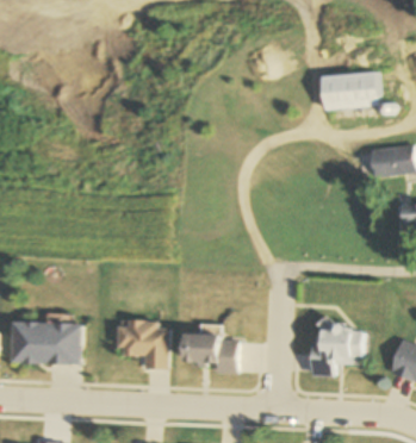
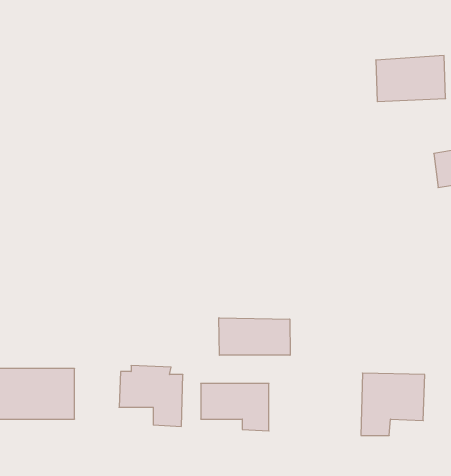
building: none -> [219,318,290,355]

